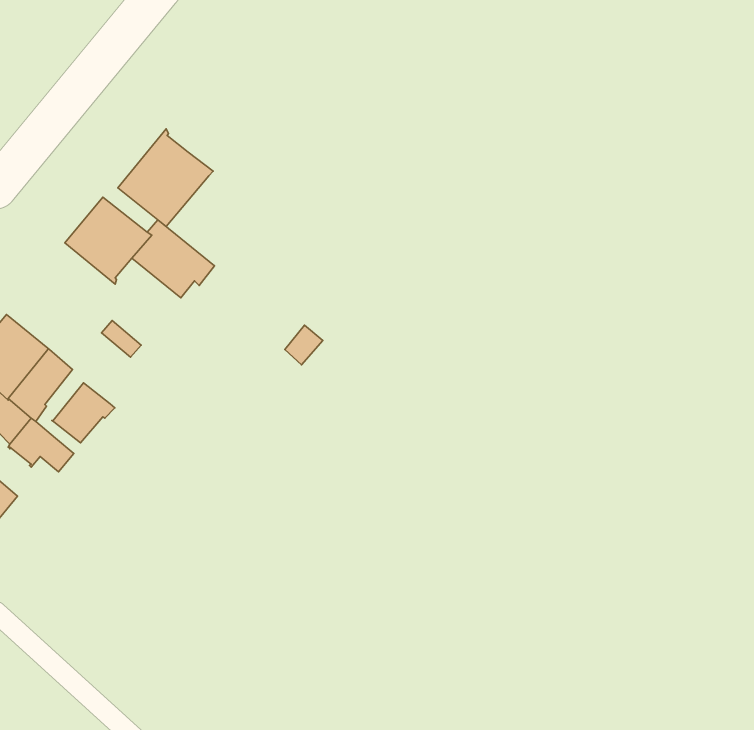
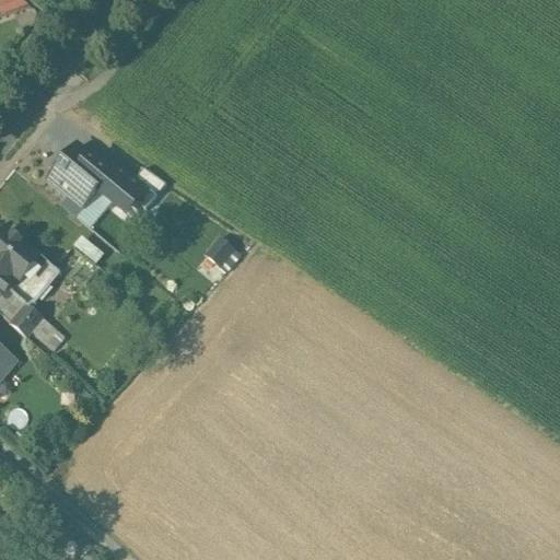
building: [118,129,213,226] -> none
building: [52,383,115,443] -> none

